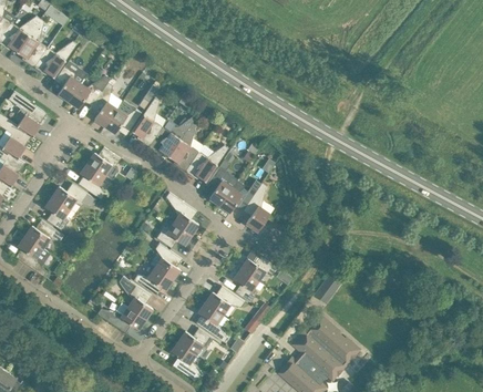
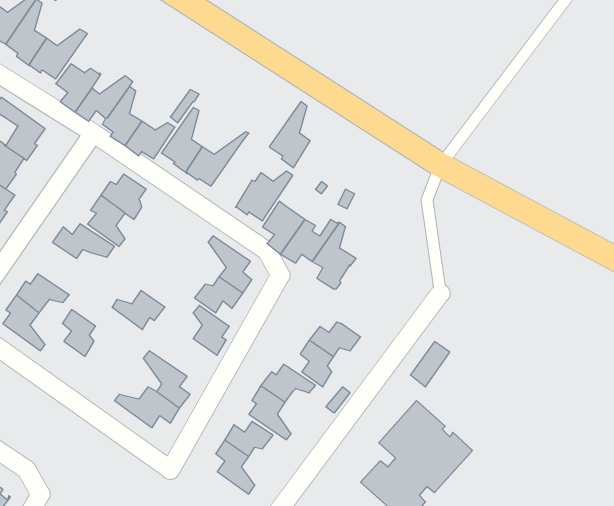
building: [167,123,197,172] -> [269,101,310,168]
building: [44,197,69,231] -> [62,310,96,356]
building: [133,268,172,297] -> [112,290,165,330]

